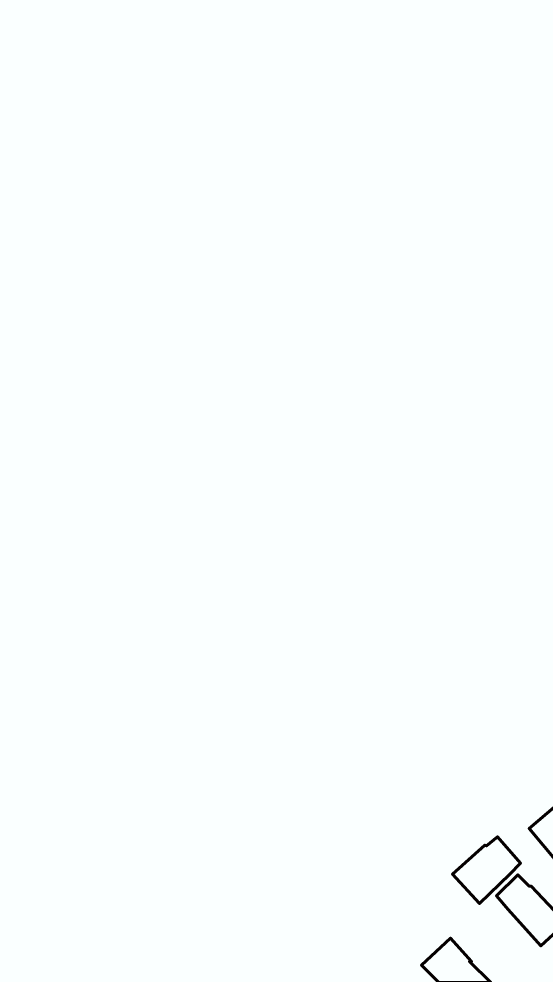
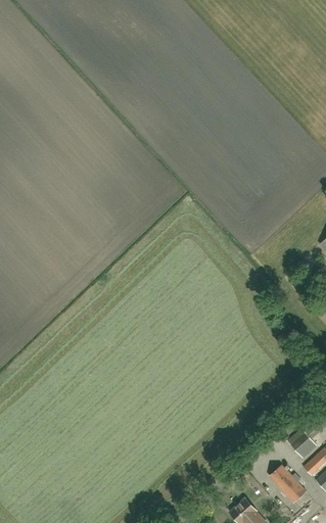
building: [452,837,520,903] -> none

